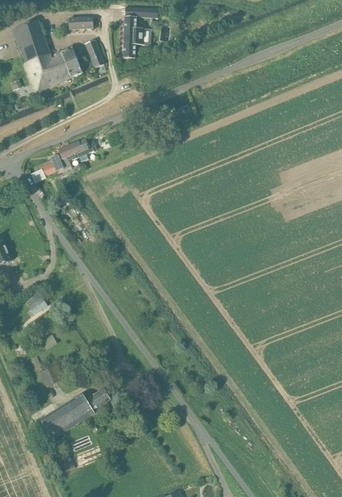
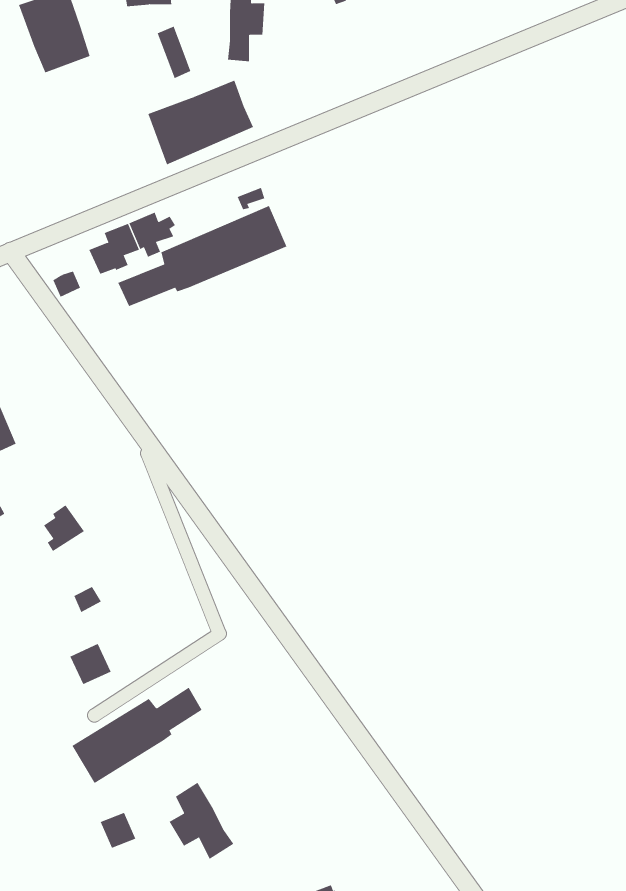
building: [26,47,82,92] -> [148,80,254,165]
building: none -> [118,205,287,307]
building: none -> [169,782,234,860]

